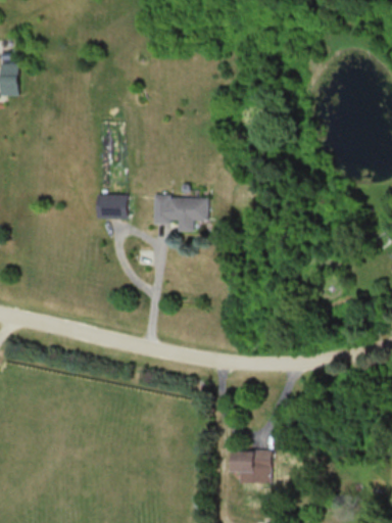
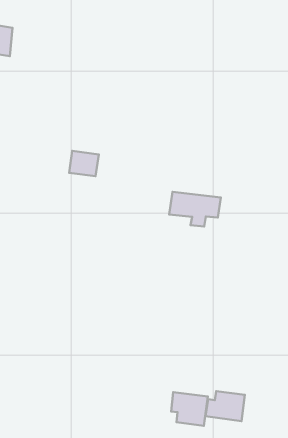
building: [153,196,208,231] -> [169,192,221,226]
building: none -> [205,391,245,421]

